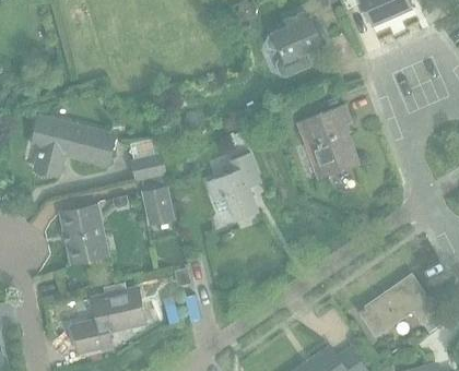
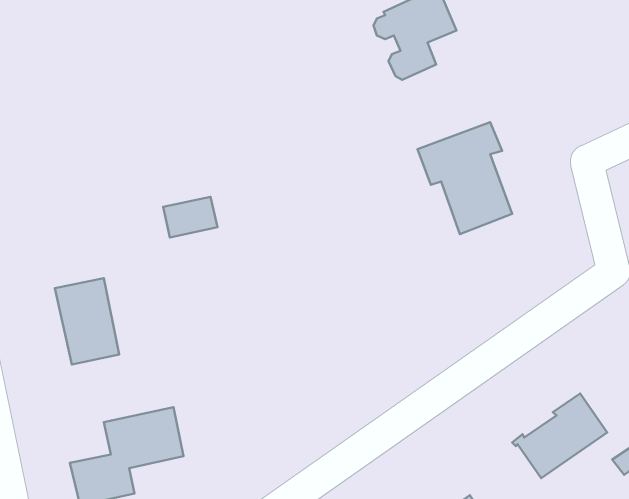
building: [32,113,116,173] -> none
building: [205,152,261,220] -> none
building: [143,187,172,222] -> none

